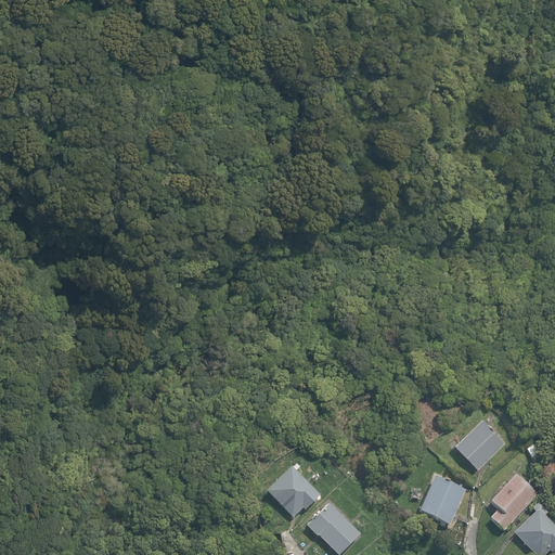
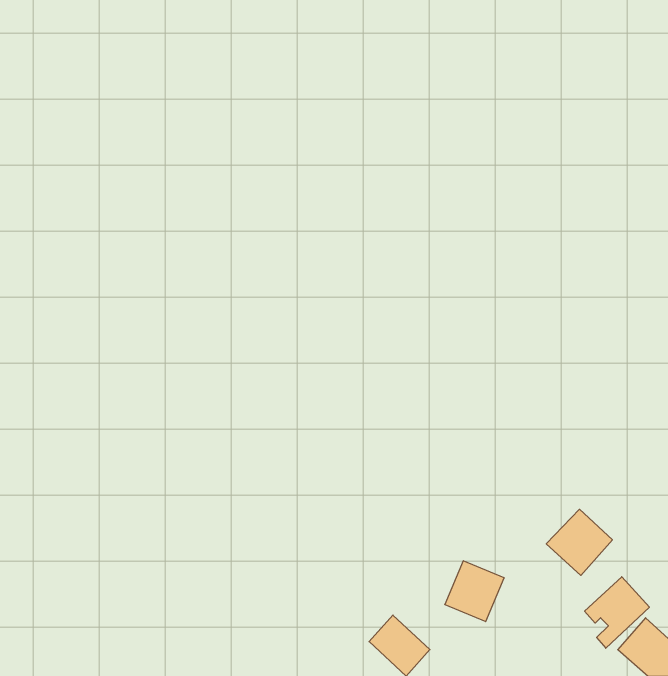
building: [266,464,324,519] -> none
building: [420,475,468,525] -> [445,561,504,622]

